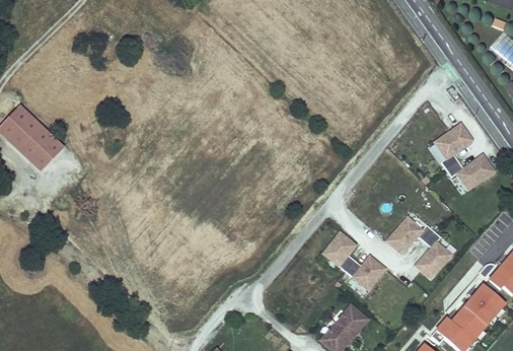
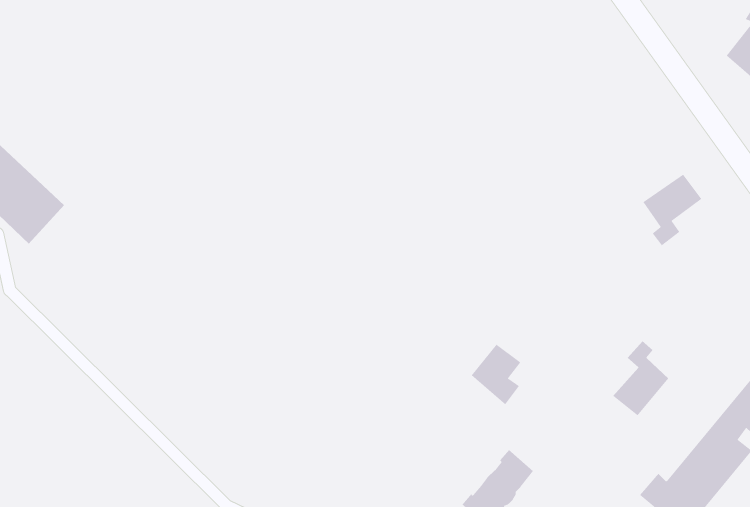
building: [448,156,496,191] -> none
building: [388,218,436,256] -> none
building: [348,258,387,292] -> none

